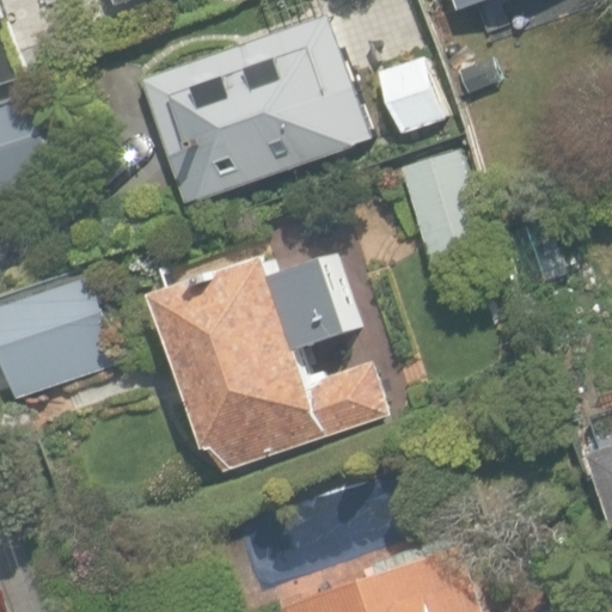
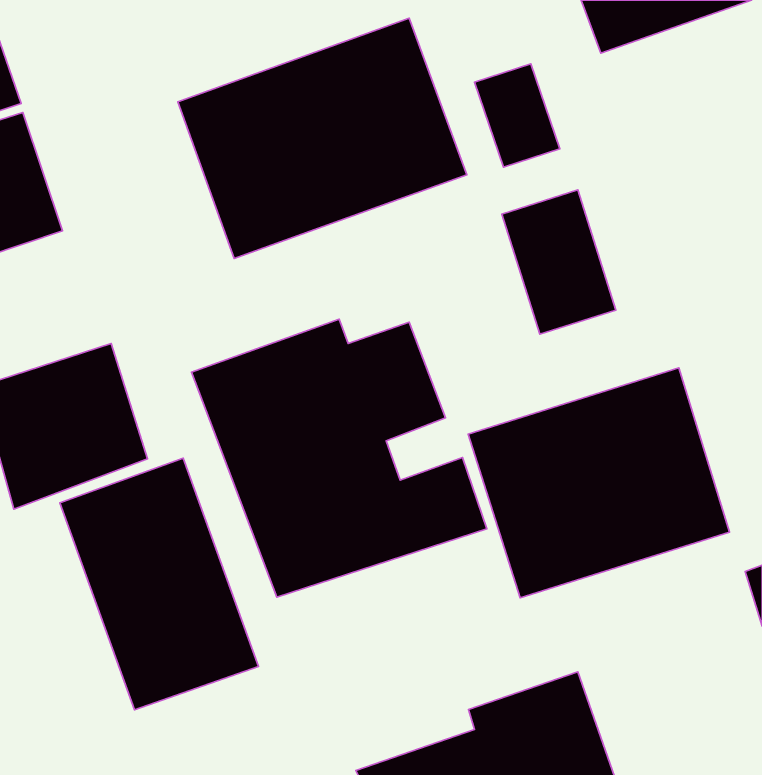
building: none -> [468,368,729,598]
building: none -> [60,458,258,710]

